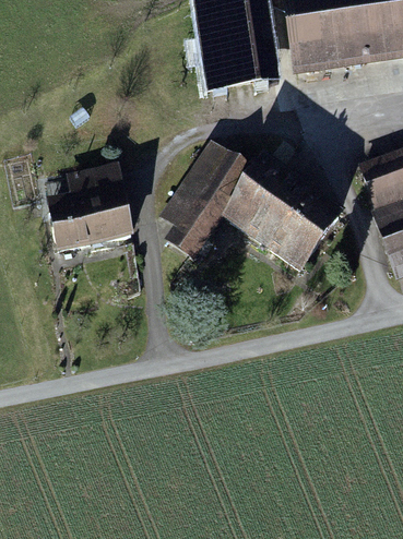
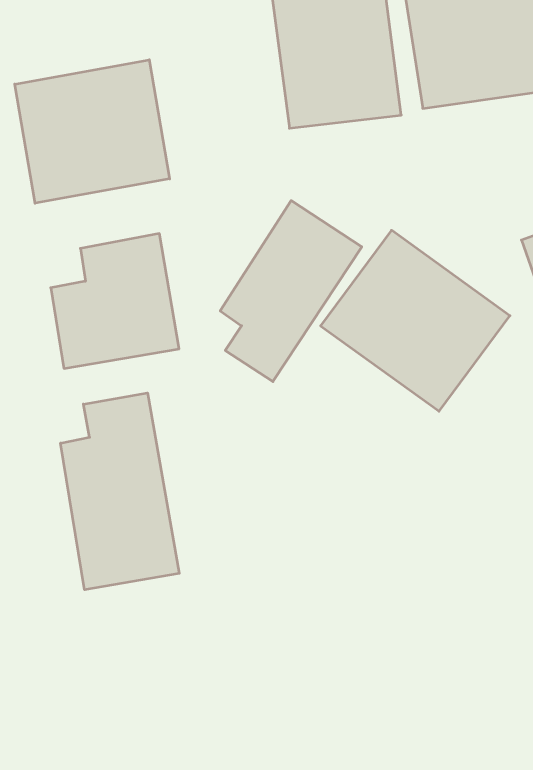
building: none -> [15,60,170,203]
building: none -> [61,393,179,590]

